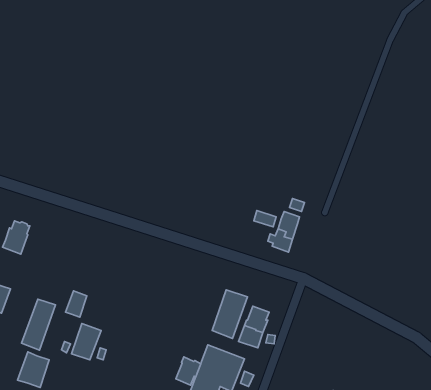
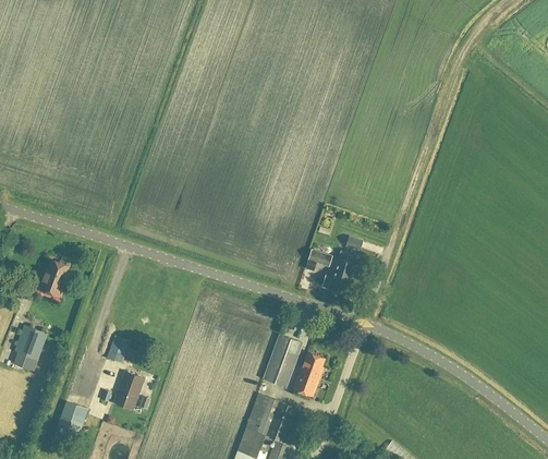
building: [22,299,56,350] -> none
building: [176,357,201,385] -> none

